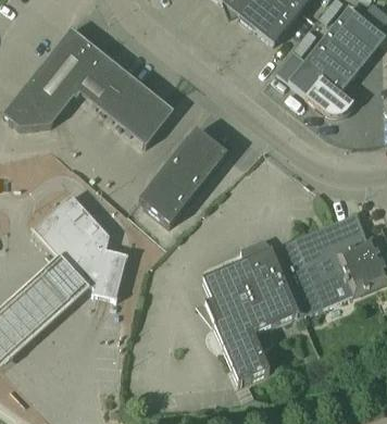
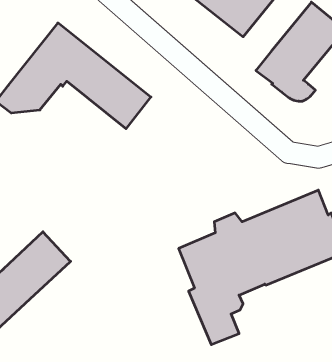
building: [138,126,227,223] -> none
building: [32,192,127,298] -> none

